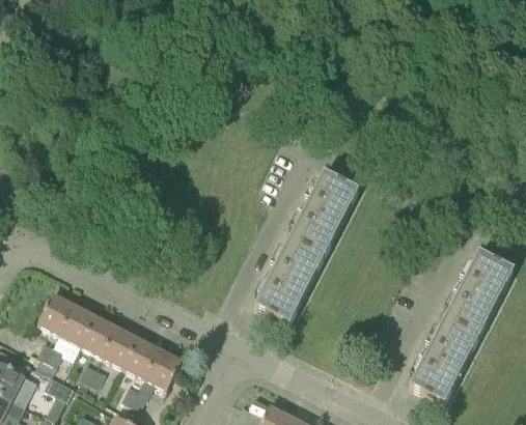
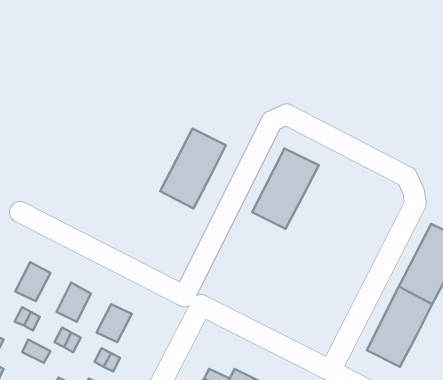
building: [254,240,324,325] -> [160,128,226,209]
building: [59,305,96,346] -> none
building: [103,327,139,368] -> none
building: [145,348,183,390] -> none

